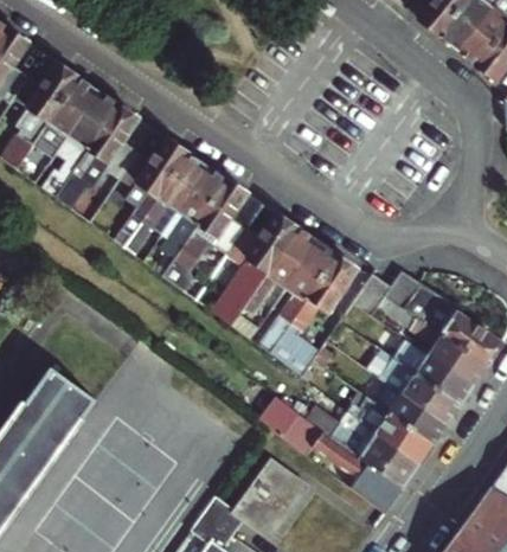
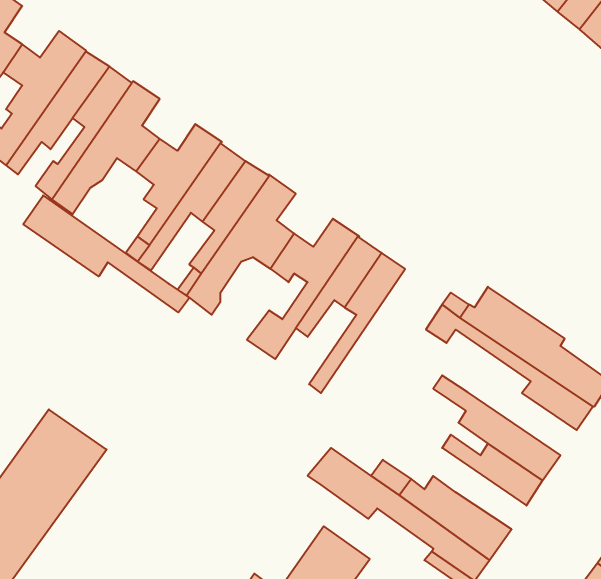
building: none -> [23,195,189,312]
building: [268,252,358,377] -> none
building: [385,342,473,403] -> none
building: [326,373,434,462] -> none

